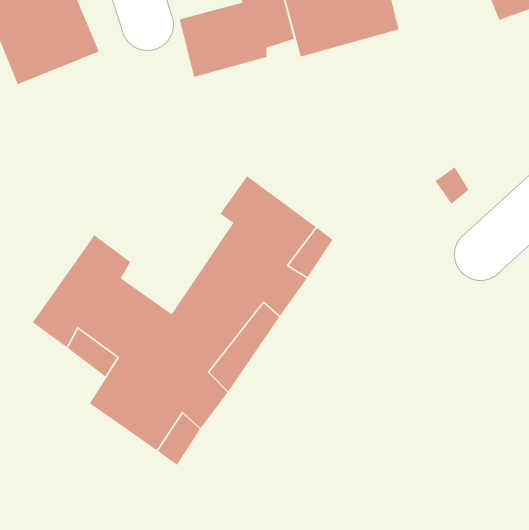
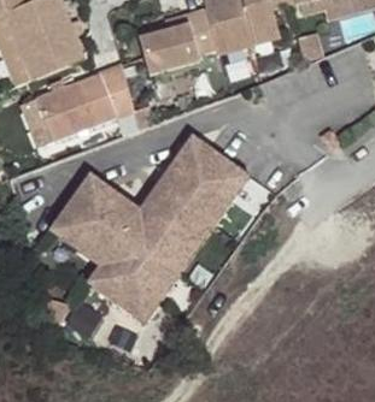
building: none -> [35,61,130,137]
building: none -> [102,161,175,226]

